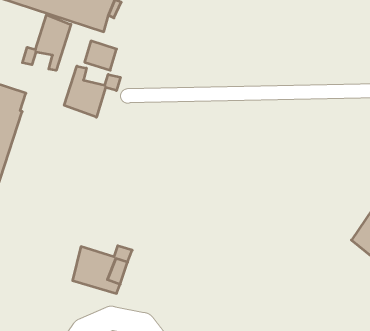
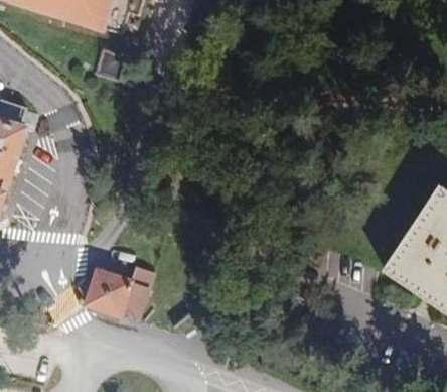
building: [22,15,71,70] -> none
building: [64,66,120,117] -> none

